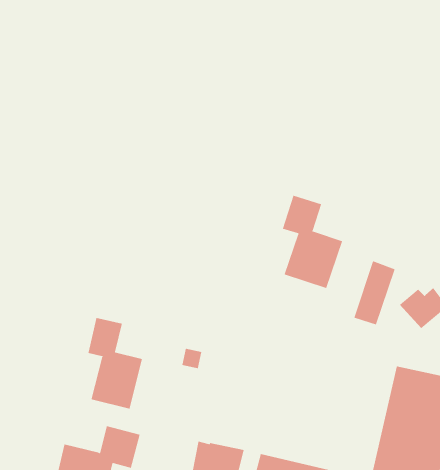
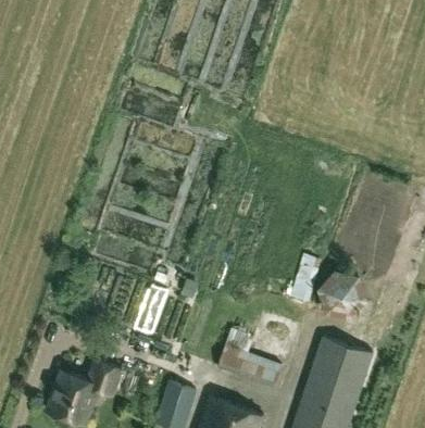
building: [282,195,343,289] -> none
building: [88,317,143,410] -> none
building: none -> [218,330,283,389]

